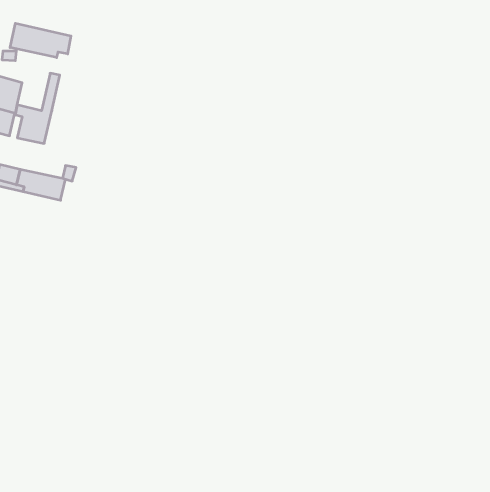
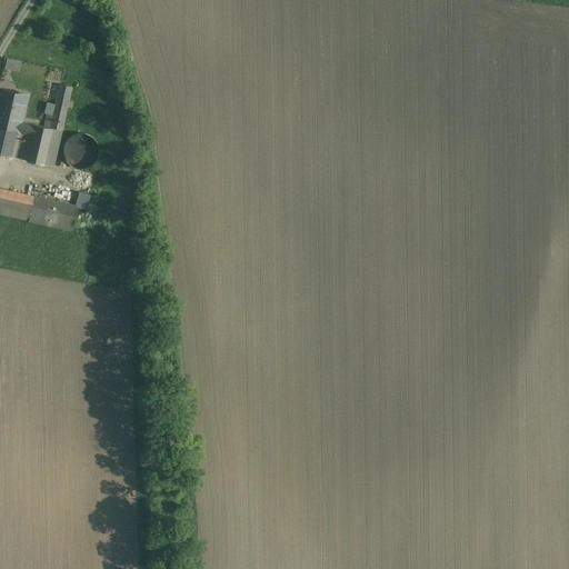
building: [10,23,71,58] -> none
building: none -> [68,134,92,167]

